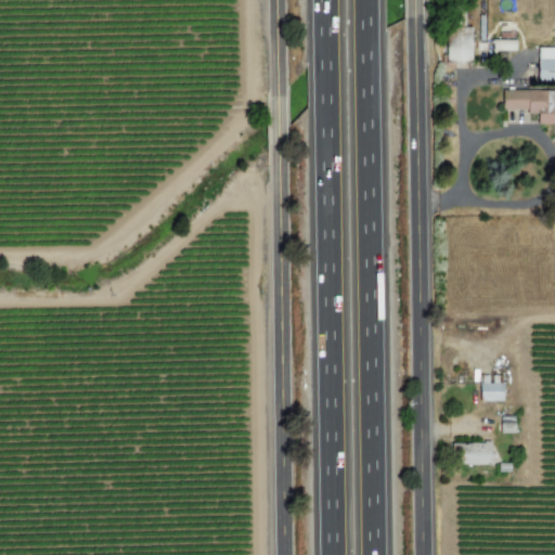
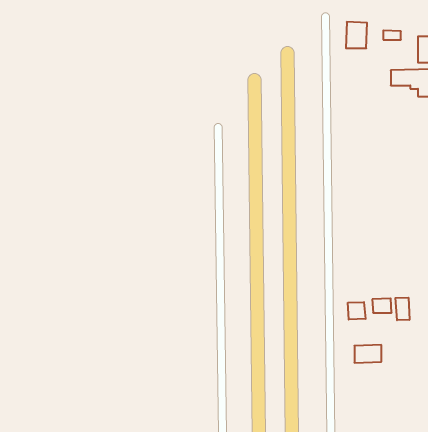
building: none -> [395,298,409,320]
building: none -> [348,302,366,320]

